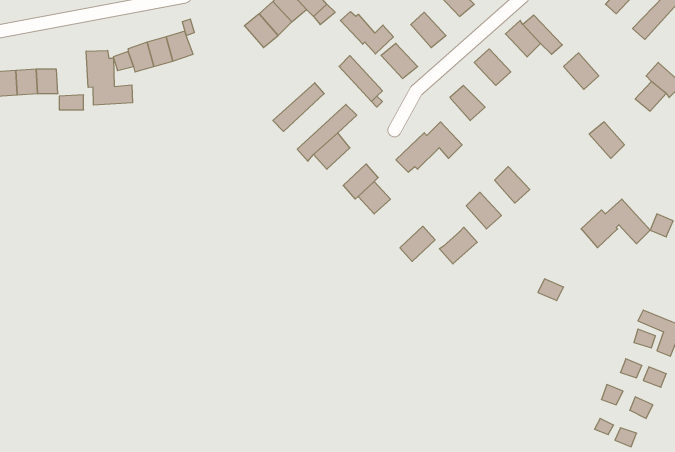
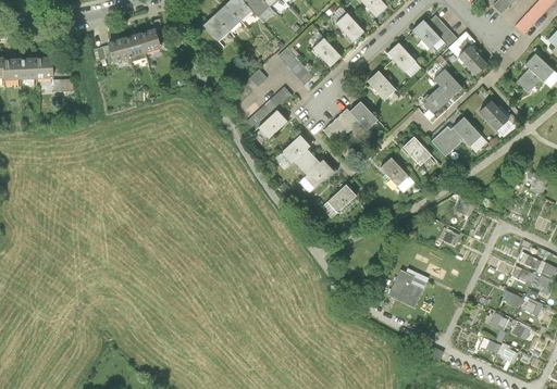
building: [340,12,393,54] -> none
building: [86,50,132,105] -> none
building: none -> [424,70,462,114]
building: [581,199,650,248] -> [432,117,487,156]
building: [439,227,477,264] -> [304,160,334,189]
building: none -> [388,269,429,309]

